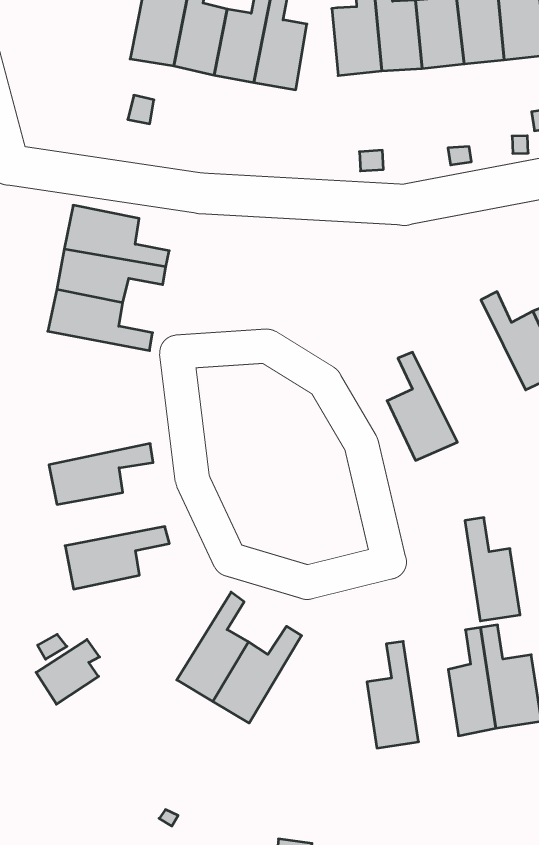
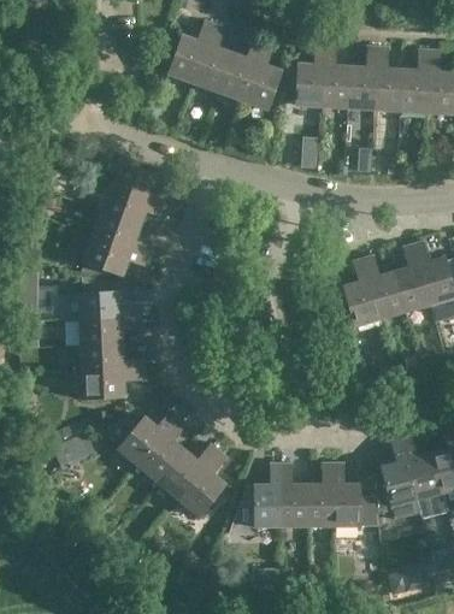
building: none -> [83,237,153,276]
building: [387,352,457,460] -> [343,259,383,326]
building: none -> [78,290,145,320]
building: none -> [81,344,146,372]
building: [465,518,520,621] -> [283,464,308,527]
building: none -> [105,409,181,466]
building: none -> [179,450,229,518]

